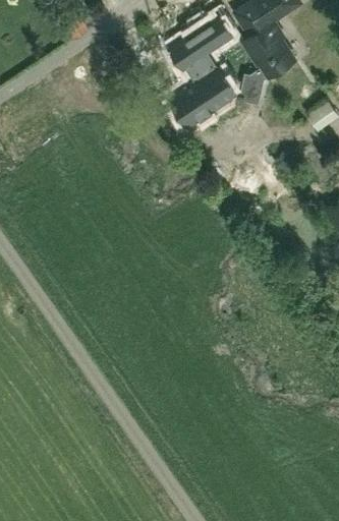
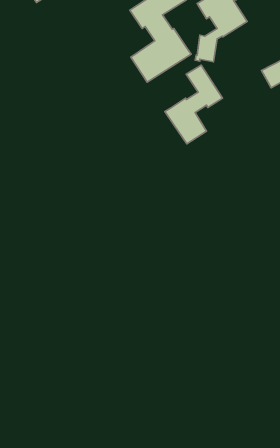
building: none -> [165,65,223,144]

